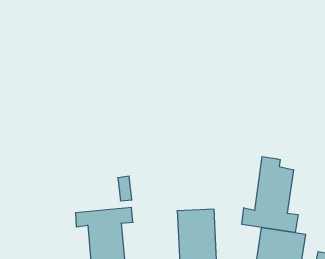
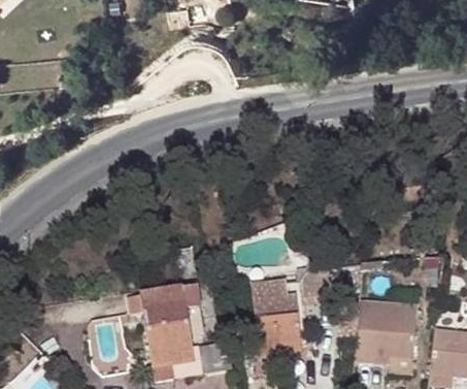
building: [242,157,298,232] -> none

